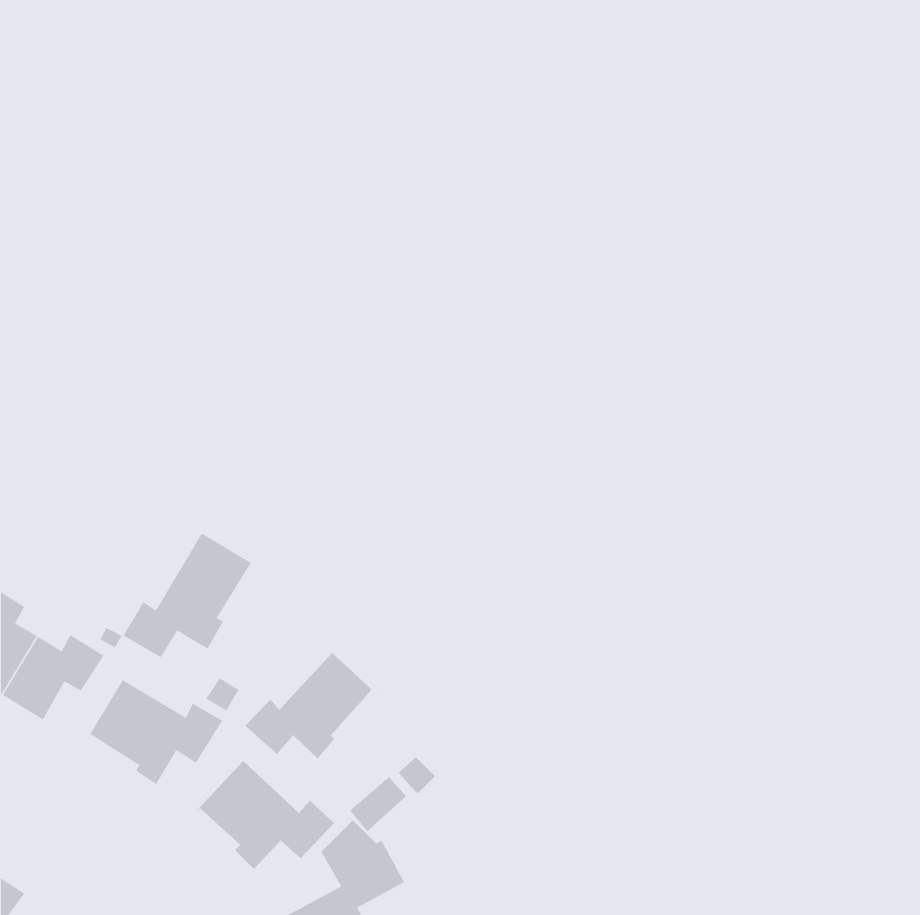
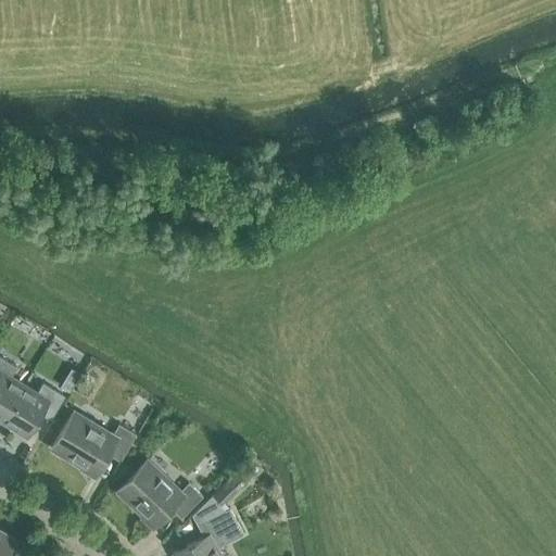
building: [122,533,257,658] -> none
building: [245,652,378,760] -> none

